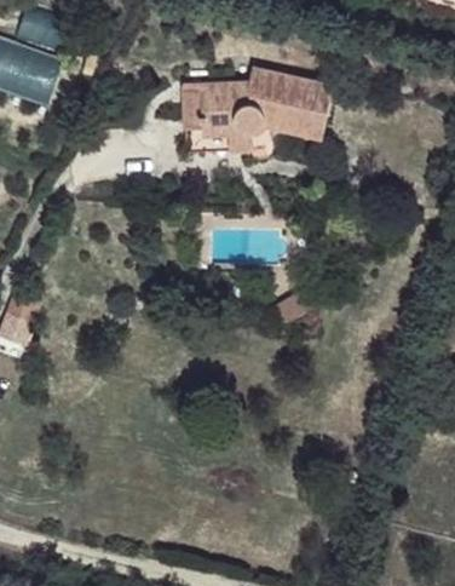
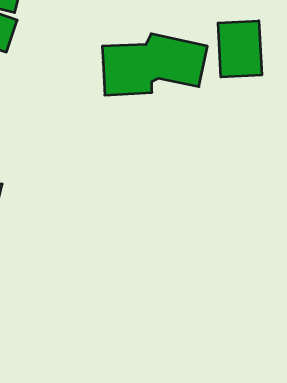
building: none -> [218,21,262,77]

